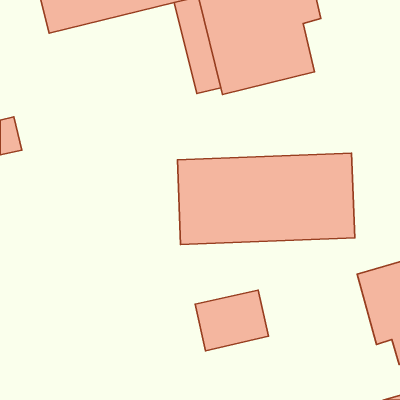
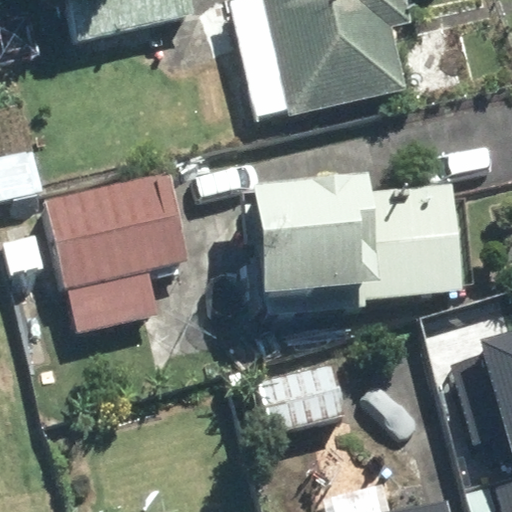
building: none -> [44,167,192,332]

